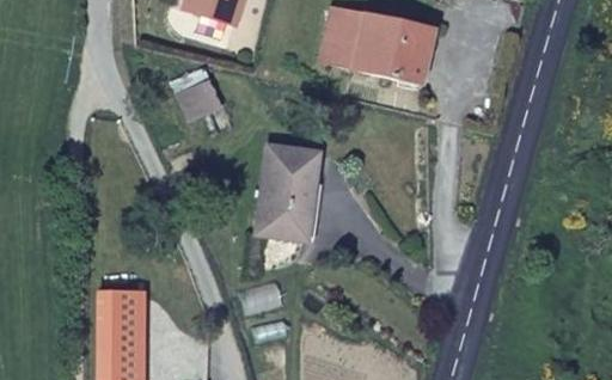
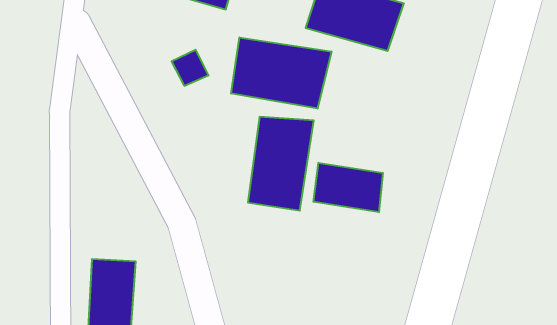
building: none -> [231,37,331,109]
building: none -> [314,163,383,212]

